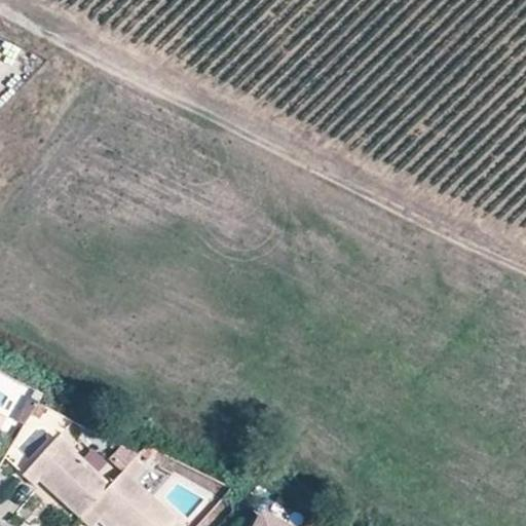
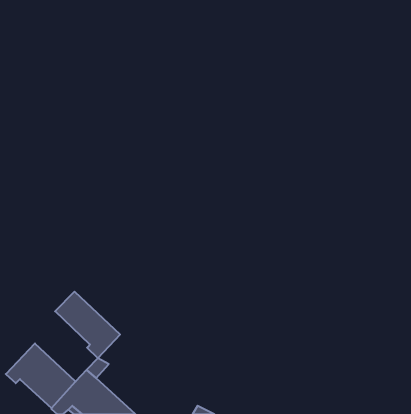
building: none -> [55,292,120,358]

